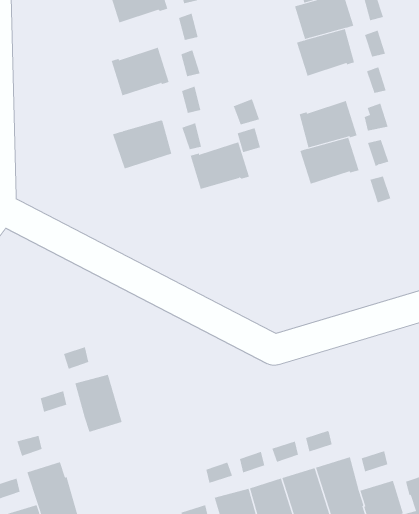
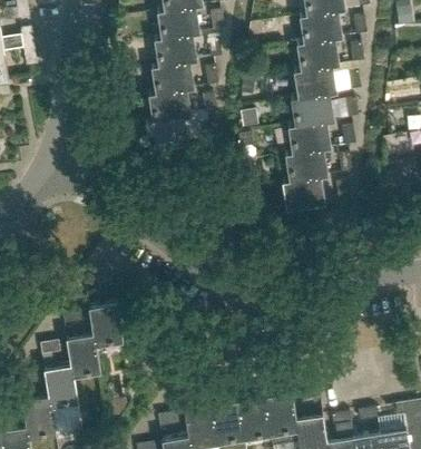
building: none -> [155,33,197,67]
building: none -> [291,94,334,127]
building: [190,141,250,189] -> [148,89,192,121]
building: none -> [282,176,325,211]
building: none -> [67,334,100,378]

